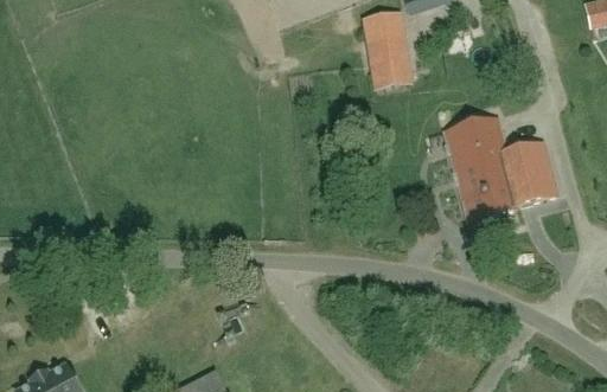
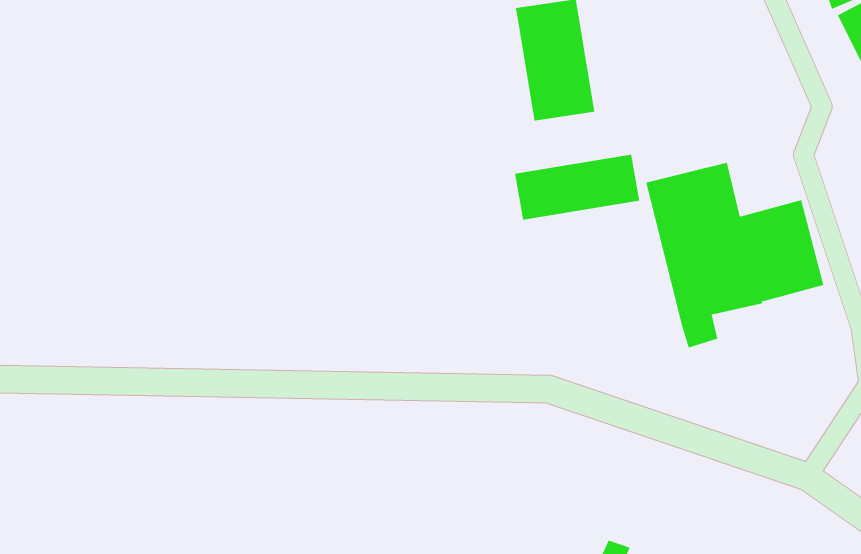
building: none -> [514,154,640,220]

